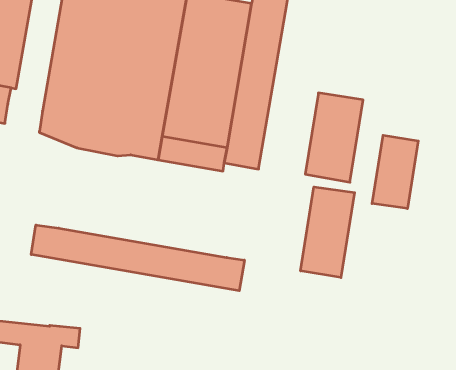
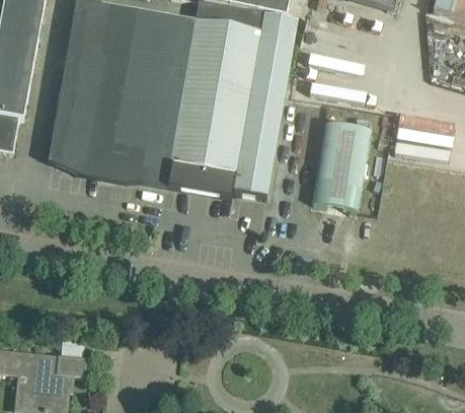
building: [372,135,418,209] -> none
building: [301,187,355,278] -> none
building: [31,225,244,291] -> none

